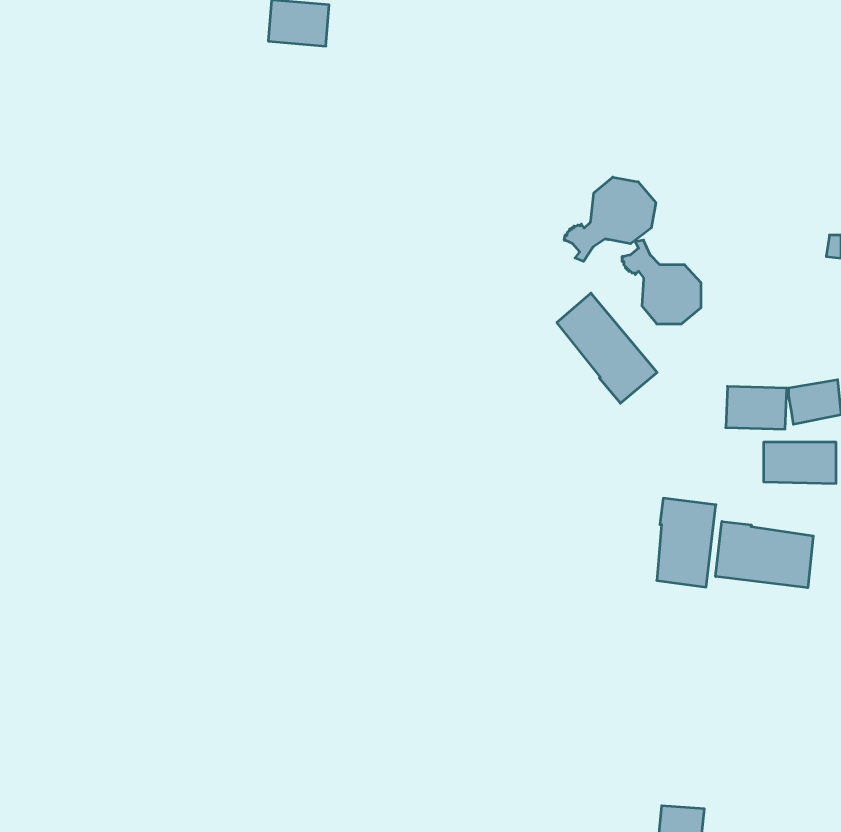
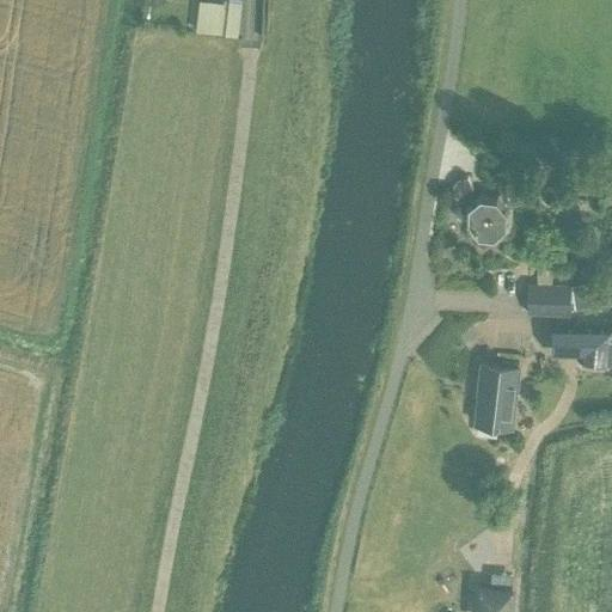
building: [564,177,656,261] -> none
building: [557,293,657,403] -> none
building: [716,521,813,588] -> none

